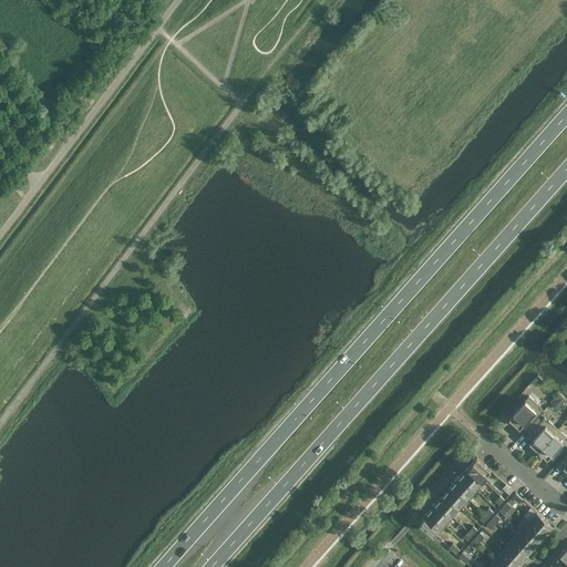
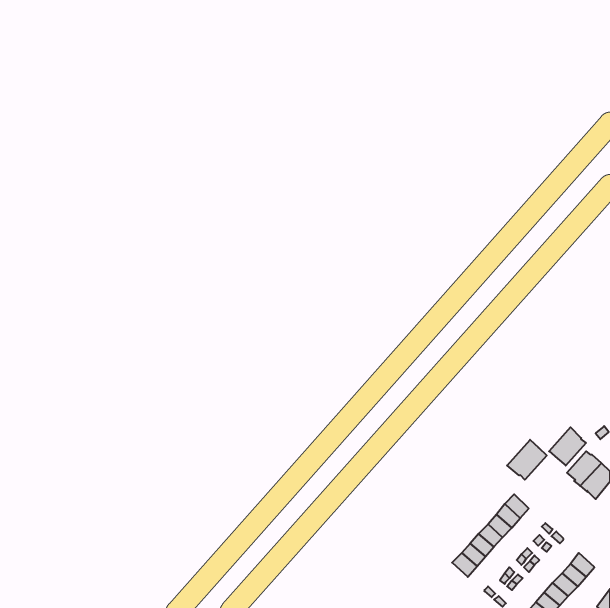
building: none -> [507,440,547,480]

